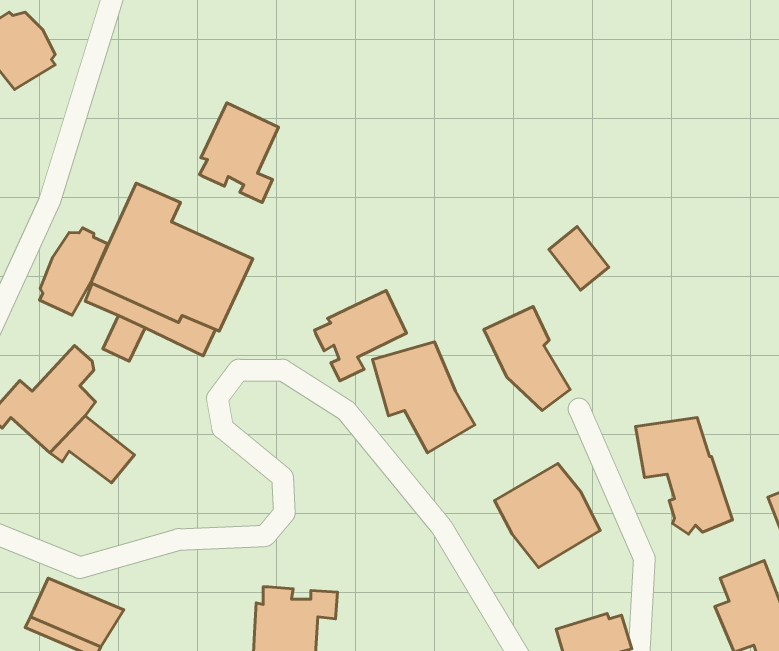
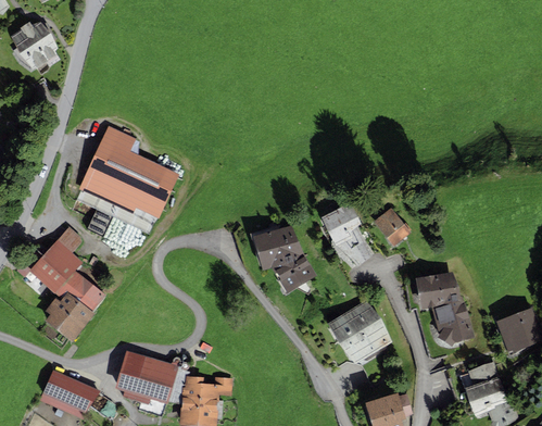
building: [200,103,278,202] -> none
building: [549,227,609,290] -> [374,208,411,247]
building: [39,228,108,315] -> none
building: [314,291,406,381] -> none
building: none -> [45,292,94,341]
building: none -> [114,350,189,404]

